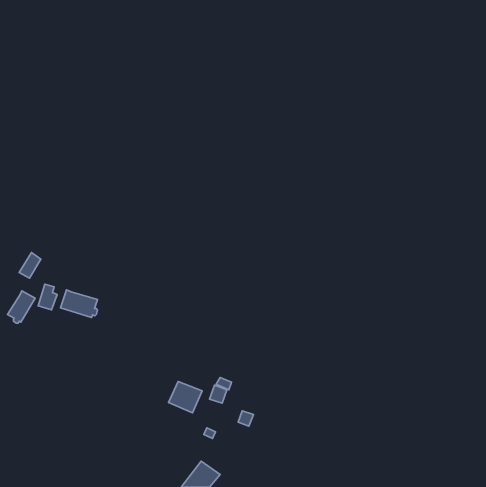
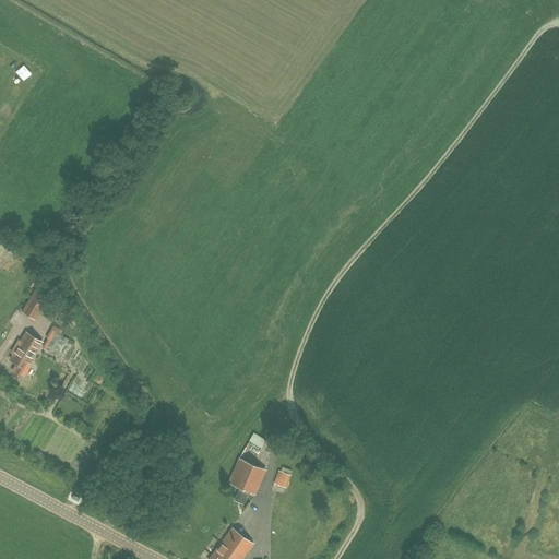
building: [60,290,98,317] -> none
building: [169,381,202,413] -> [227,459,265,495]

